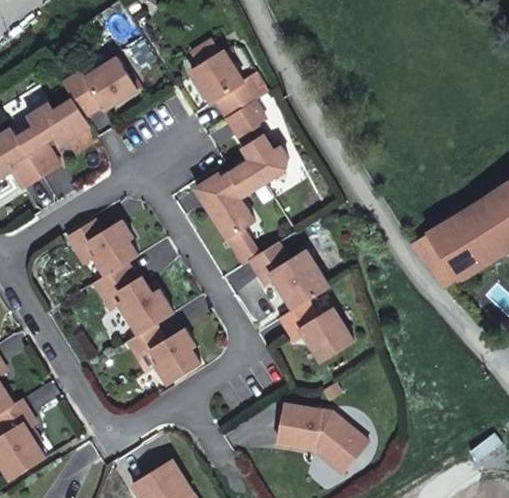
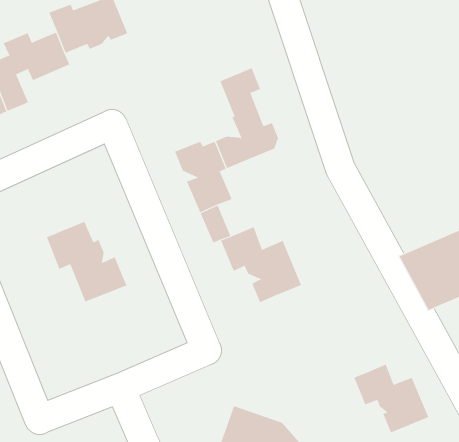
building: [190,50,259,117] -> none
building: [67,219,138,274] -> none
building: [280,299,353,360] -> [354,364,429,433]
building: [128,323,200,383] -> none

